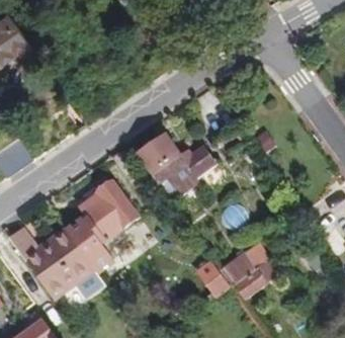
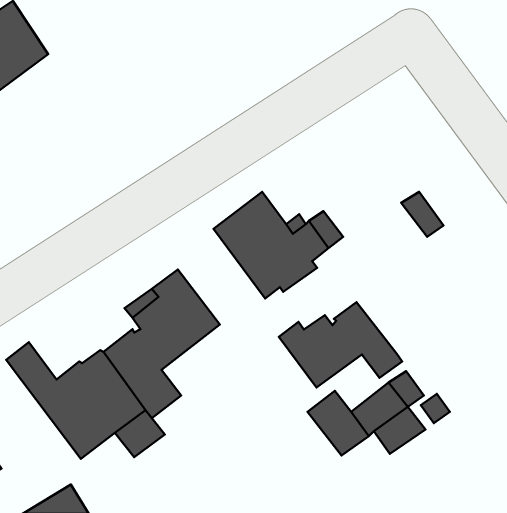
building: none -> [279,302,402,387]

